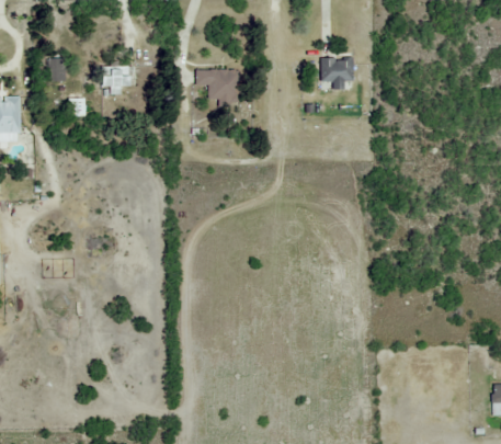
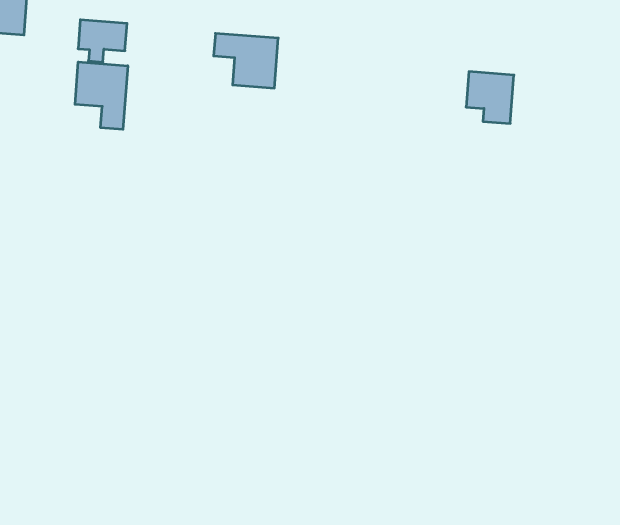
building: [320,58,351,91] -> [466,72,514,123]
building: none -> [75,62,128,129]

